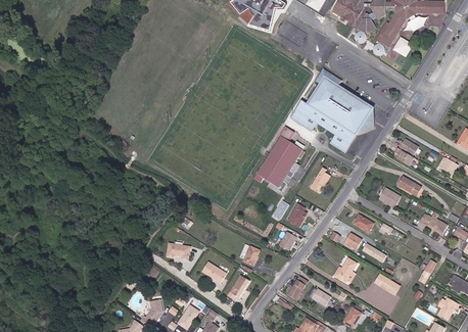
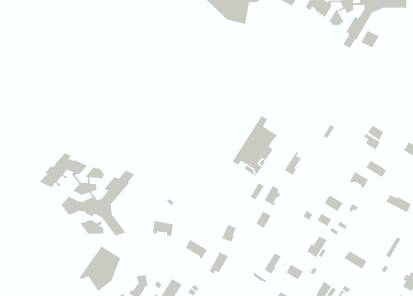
building: [290,67,373,150] -> none
building: none -> [39,153,135,236]
building: none -> [78,246,121,292]

